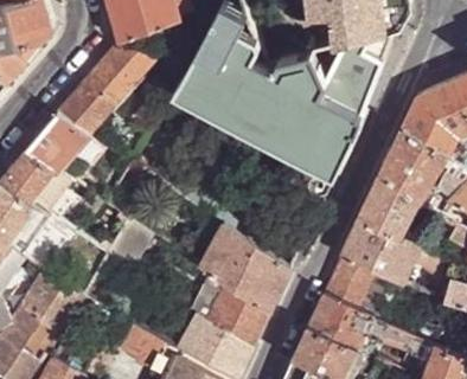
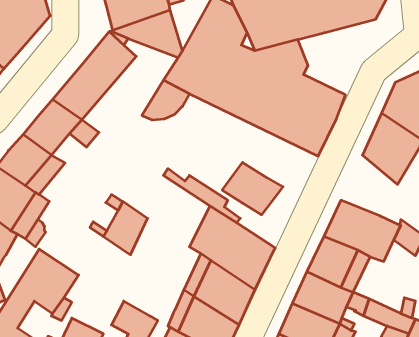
building: [319,31,395,110] -> none
building: [358,173,417,237] -> none
building: none -> [222,162,283,215]

